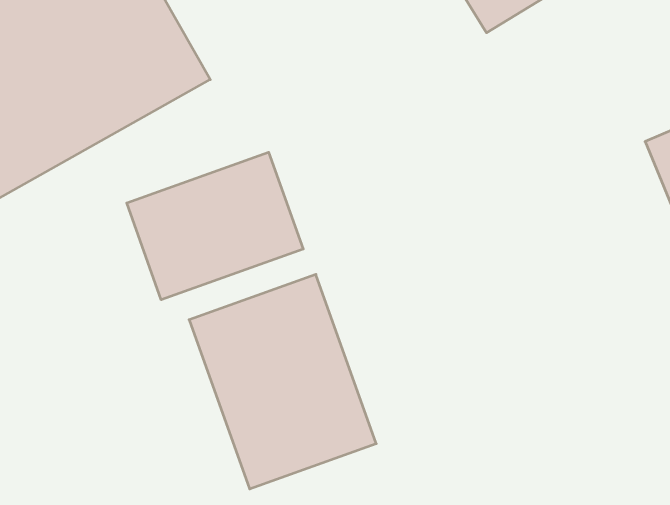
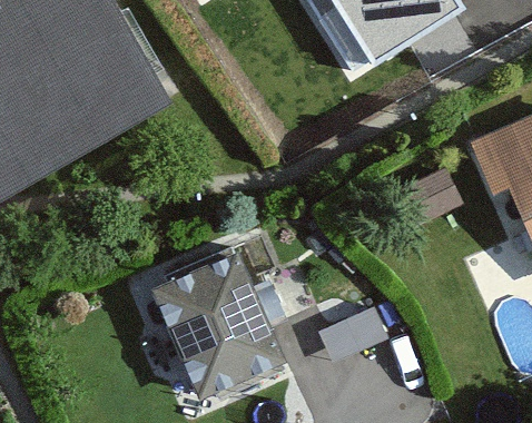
building: [127,152,303,300] -> none

